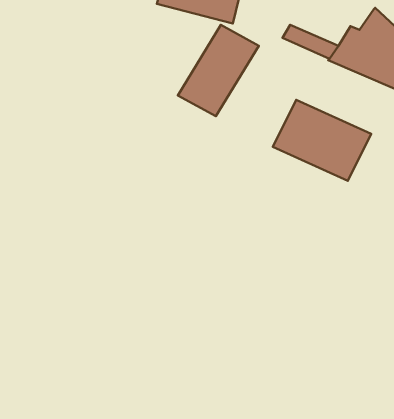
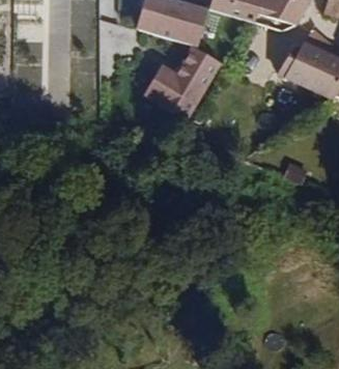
building: [273,100,371,181] -> none

